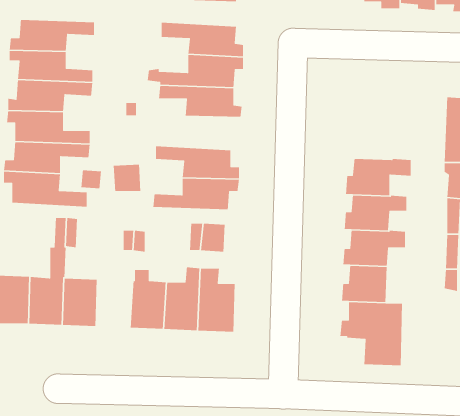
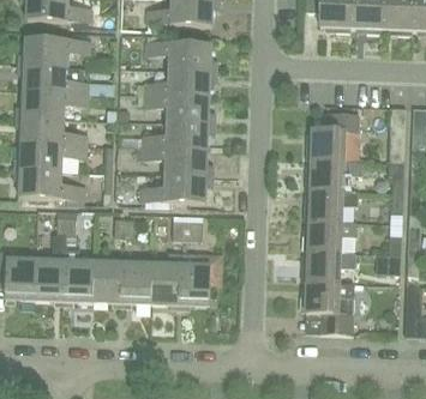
building: none -> [305,113,359,159]
building: none -> [125,122,215,151]
building: none -> [91,261,122,303]

